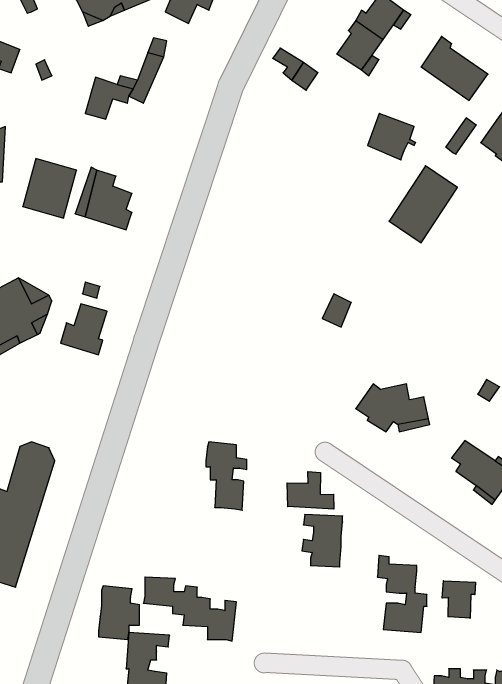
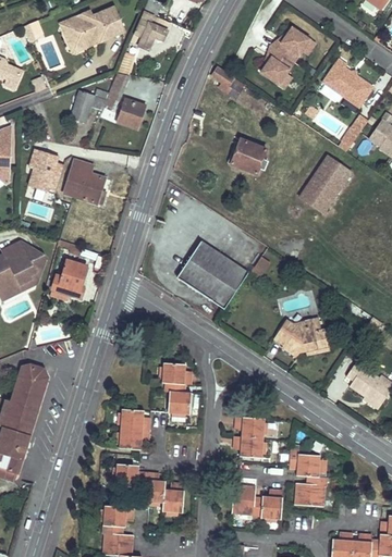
building: none -> [114,99,146,133]
building: [368,113,416,160] -> [231,139,267,174]
building: none -> [176,242,247,309]
building: [287,472,334,509] -> none
building: [442,581,475,618] -> none
building: [99,586,139,640] -> [119,409,149,449]
building: none -> [232,485,282,519]

